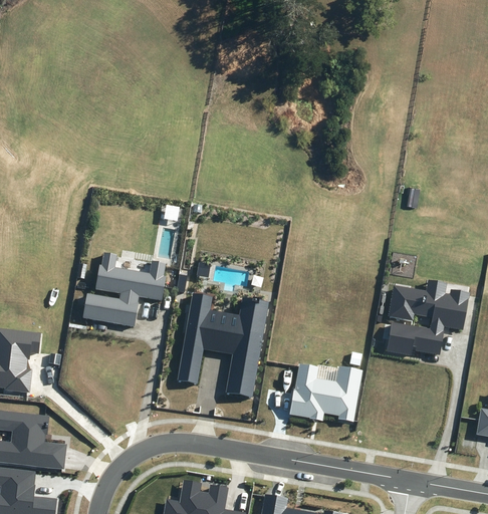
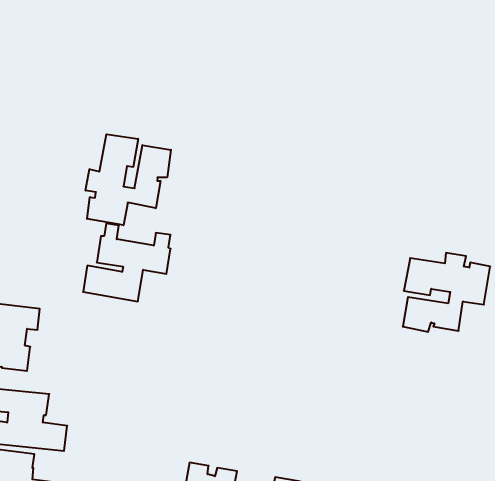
building: none -> [86,134,171,225]
building: [175,293,267,398] -> none
building: [288,363,361,422] -> none

